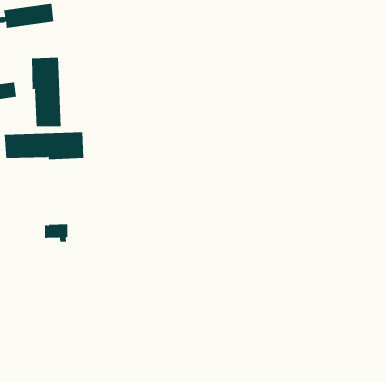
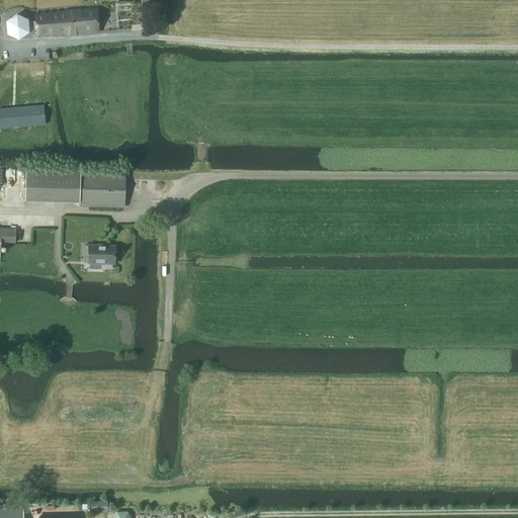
building: [31,57,61,127] -> none
building: [44,224,68,242] -> [83,246,114,269]

